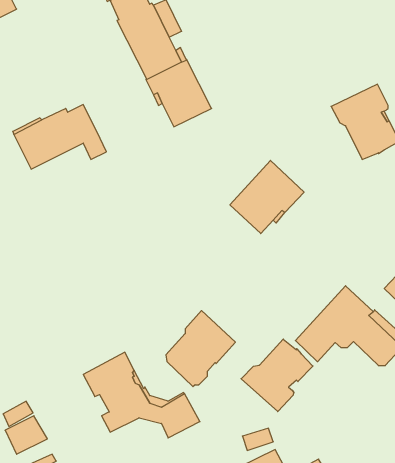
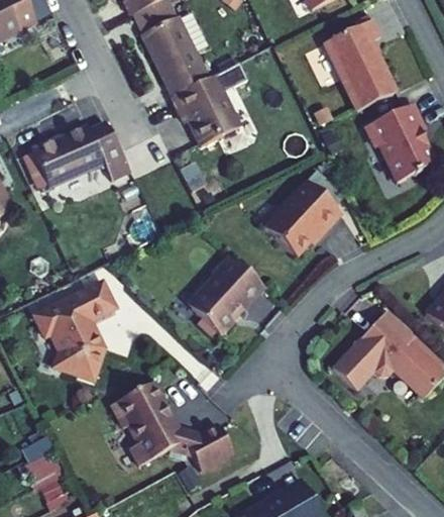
building: none -> [322,20,393,111]
building: none -> [32,283,114,382]
building: [166,311,235,387] -> [188,254,260,334]
building: [241,339,313,412] -> none

